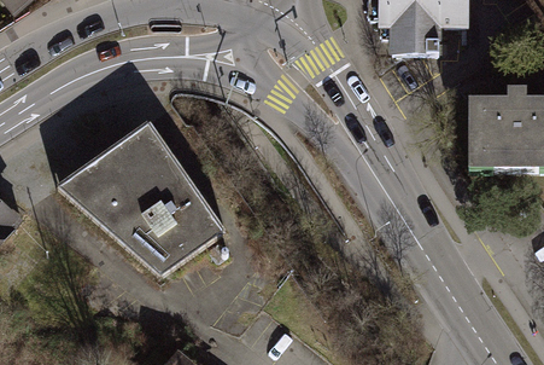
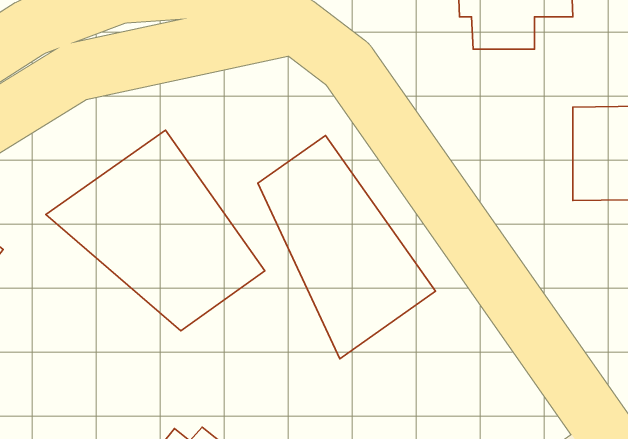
building: none -> [258,136,435,359]

